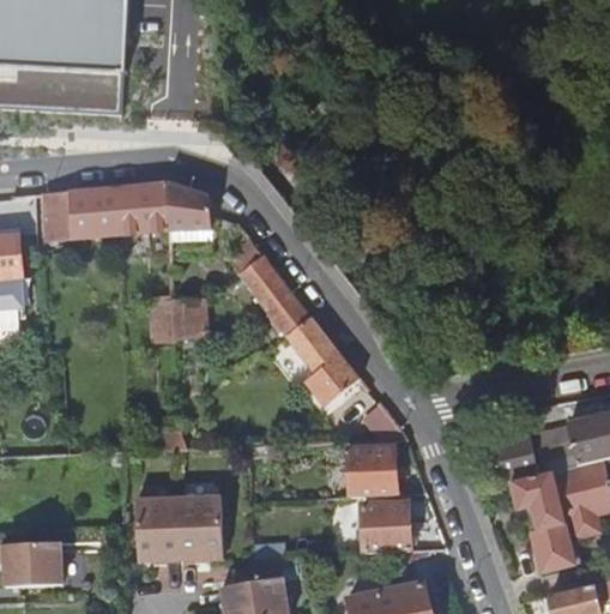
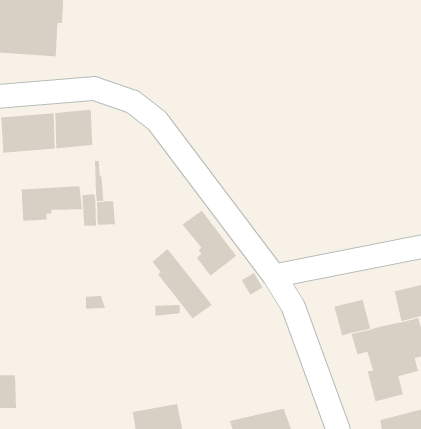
building: [164,183,210,231] -> none
building: [230,242,312,337] -> [152,248,213,319]
building: none -> [21,185,82,222]
building: [533,426,576,474] -> none
building: [348,446,395,496] -> none
building: [134,494,219,561] -> none
building: [361,501,409,553] -> none

